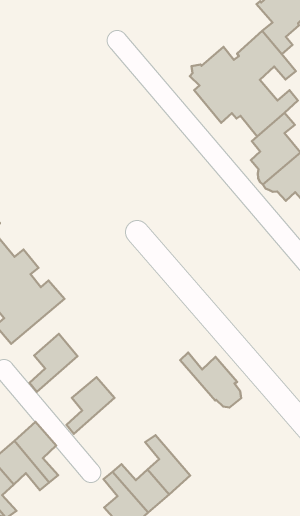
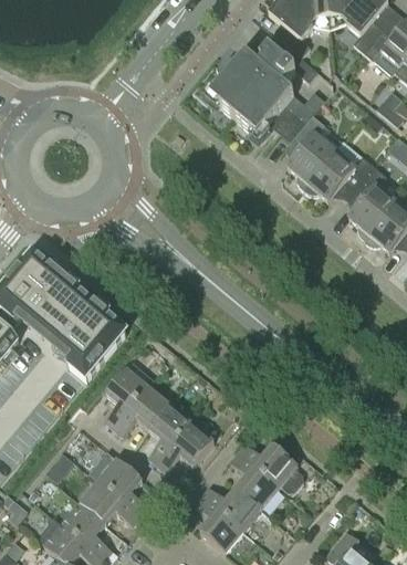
building: [180,352,241,408] -> [238,443,304,491]
building: none -> [114,387,170,436]
building: none -> [157,422,215,472]

